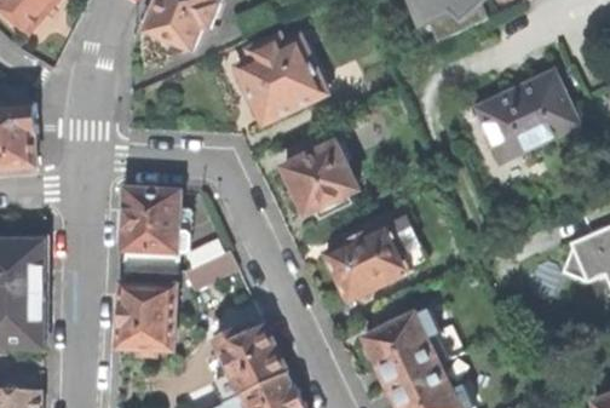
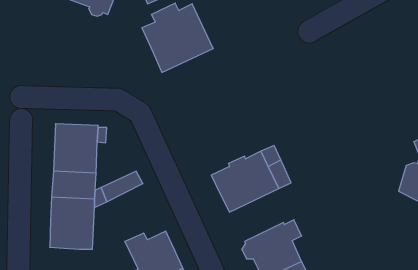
building: [477,70,576,157] -> none
building: [282,142,356,217] -> none

